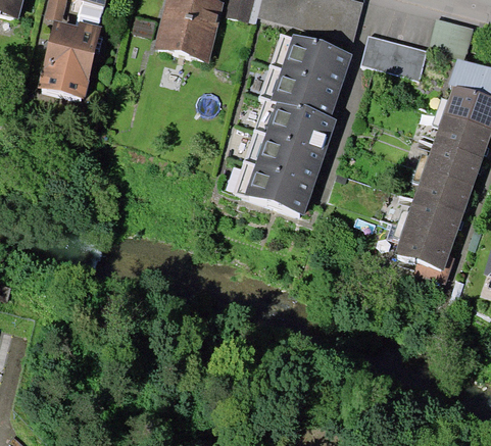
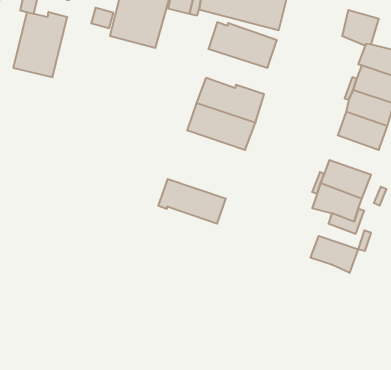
building: [361,34,427,78] -> none
building: [260,62,341,114] -> none
building: [234,159,314,212] -> [158,179,226,224]
building: [414,165,474,212] -> none
building: none -> [311,236,358,273]

